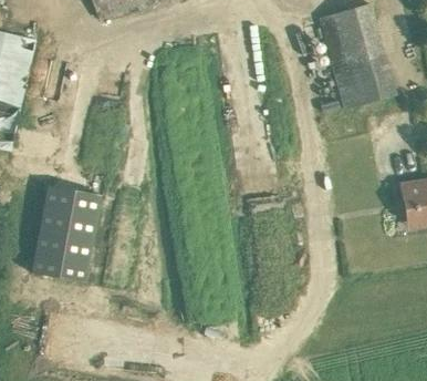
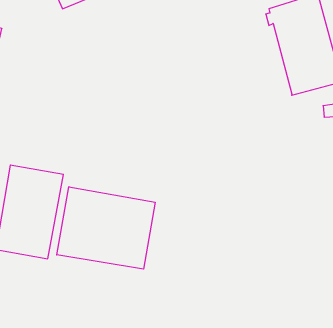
building: none -> [57,187,155,269]

